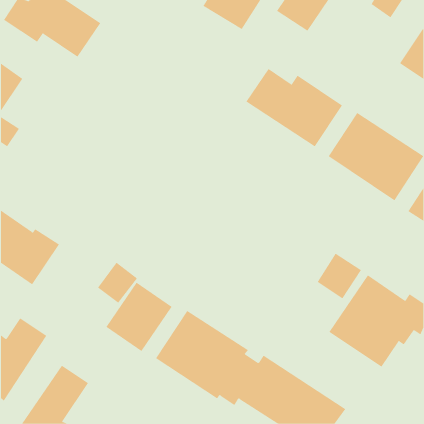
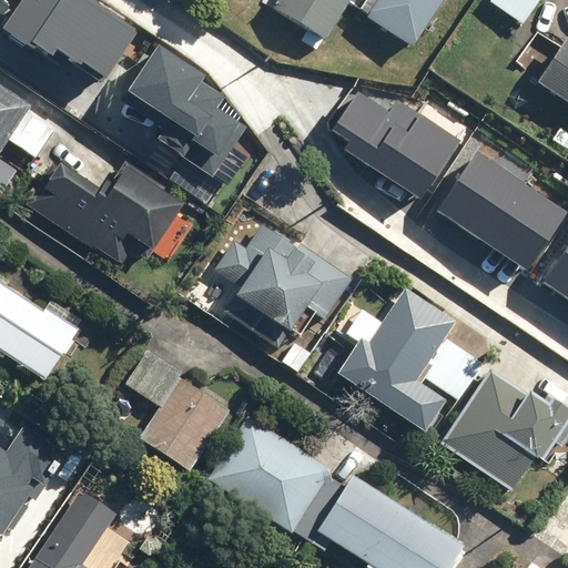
building: none -> [130,45,245,174]
building: none -> [33,173,183,283]
building: none -> [216,217,355,333]
building: none -> [336,287,455,433]

